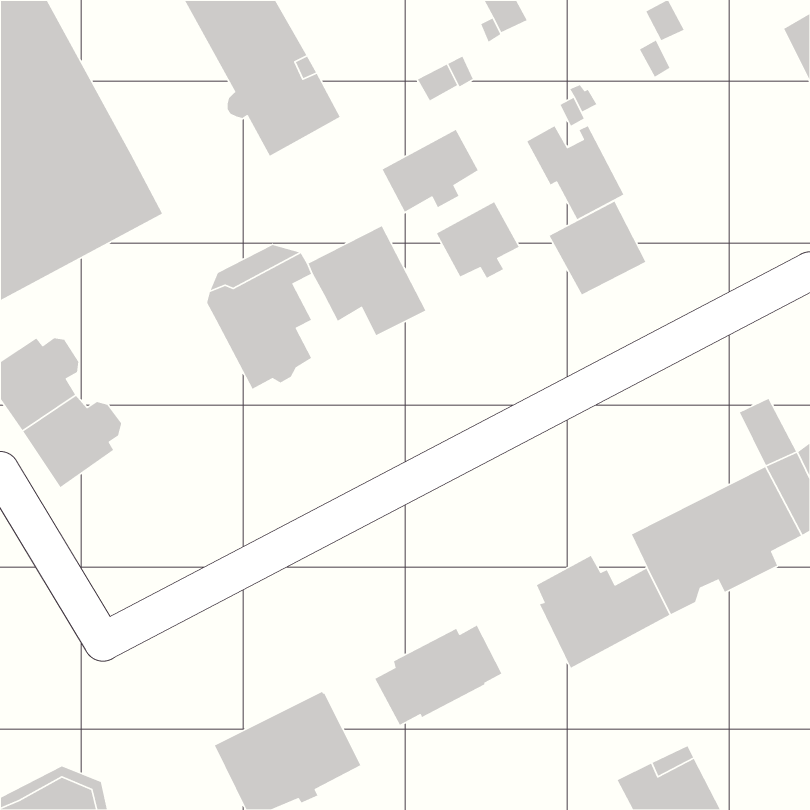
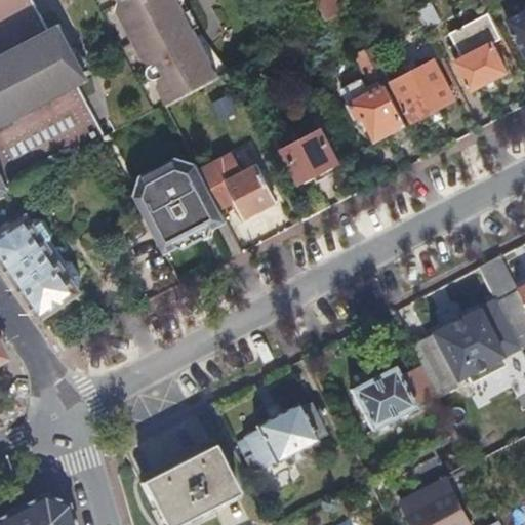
building: none -> [449,13,507,91]
building: [382,129,479,213] -> none
building: [548,200,647,296] -> [390,60,453,122]
building: none -> [190,177,225,232]

